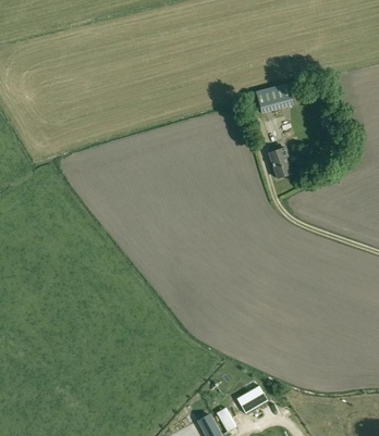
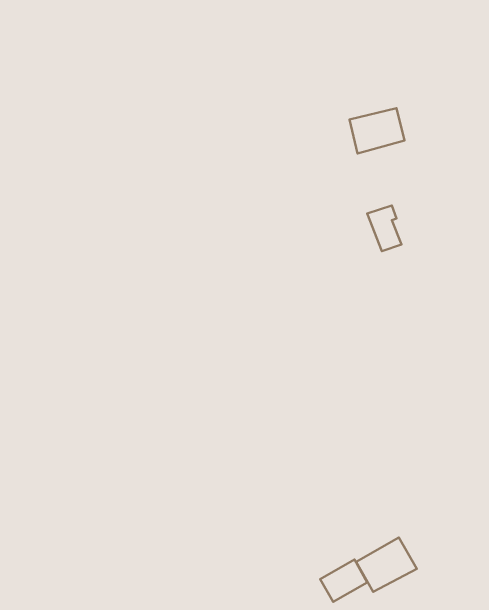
building: none -> [356,537,417,592]

